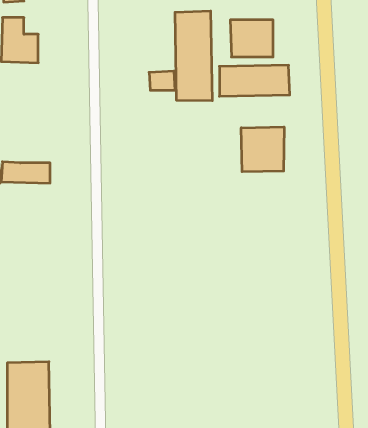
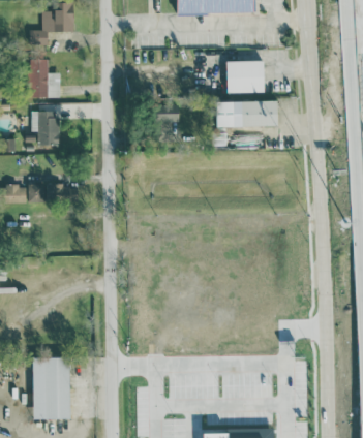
building: [175,11,212,101] -> none
building: none -> [31,111,60,146]
building: [241,127,284,172] -> none

